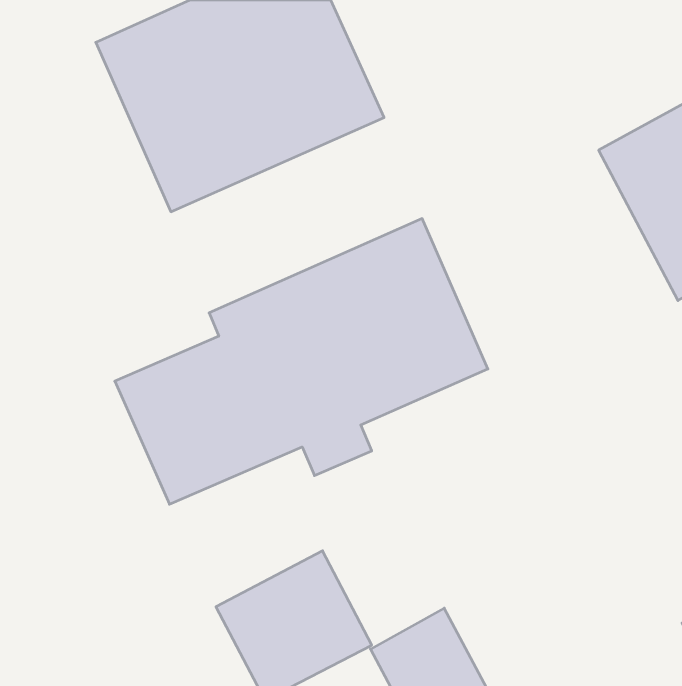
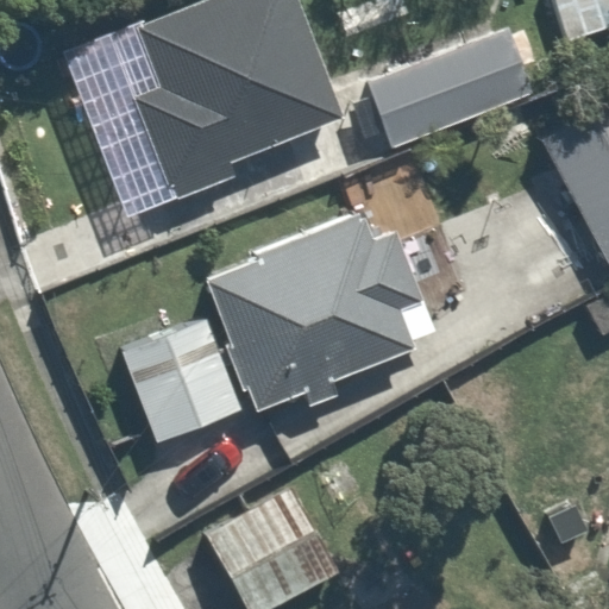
building: none -> [366,45,495,155]

